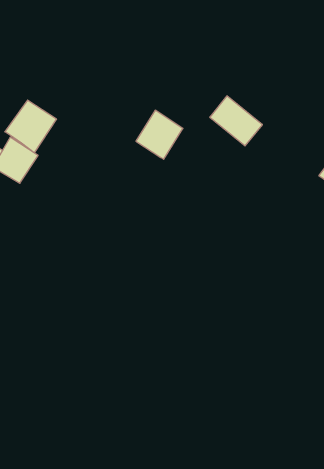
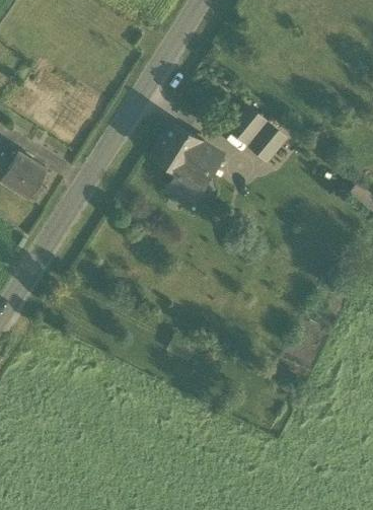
building: [5,100,56,153] -> none
building: none -> [172,142,224,199]

